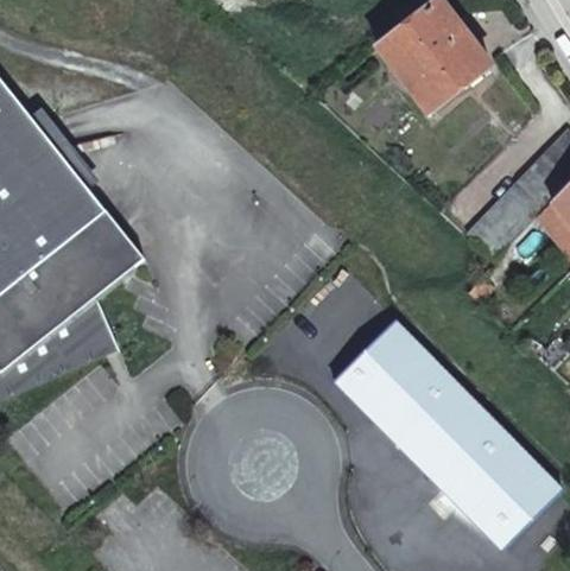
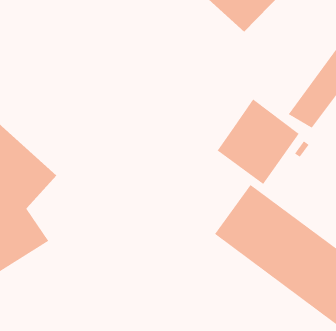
building: none -> [217,98,300,185]

